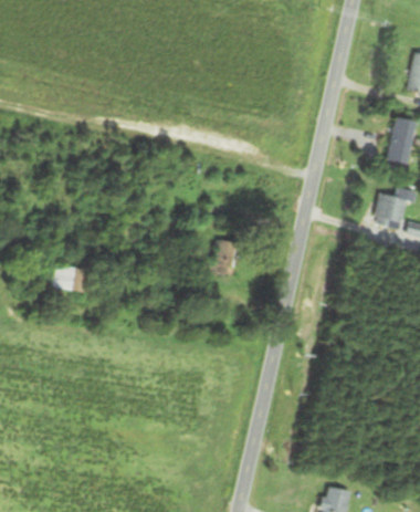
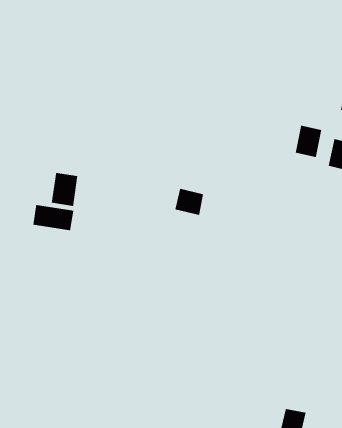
building: none -> [295,125,322,158]
building: none -> [51,172,78,207]

